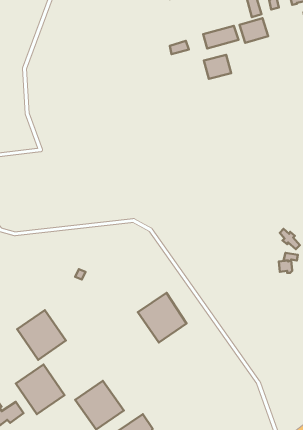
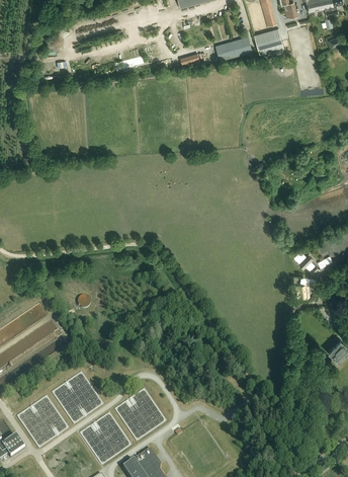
building: [204,55,231,79] -> none
building: [138,293,186,343] -> [114,389,166,442]
building: [17,310,66,360] -> [52,372,103,424]

